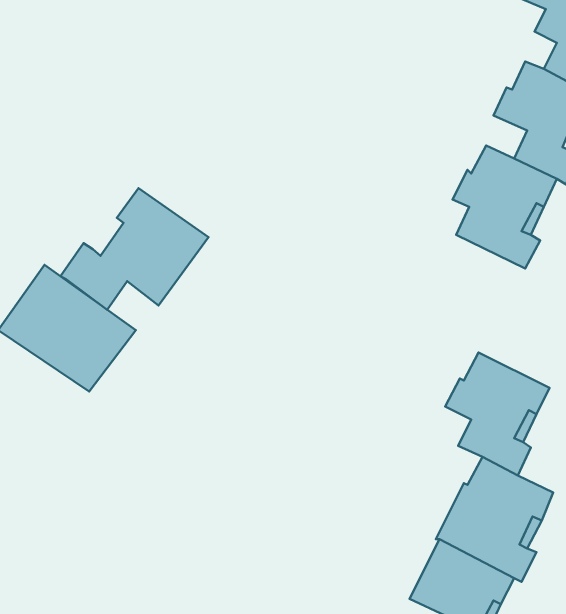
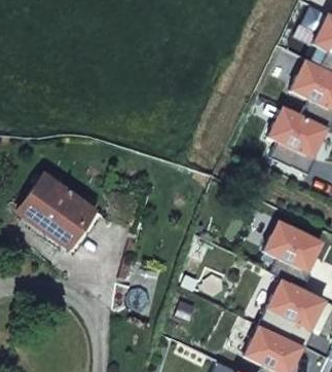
building: [60,188,208,310] -> none

